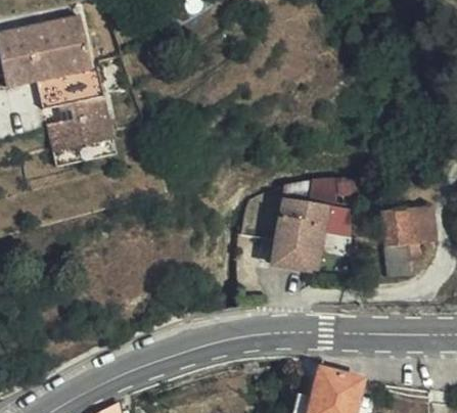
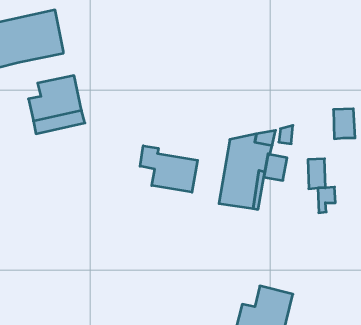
building: [31,72,98,116] -> none
building: none -> [140,146,198,192]
building: [406,204,432,241] -> [333,109,355,139]

